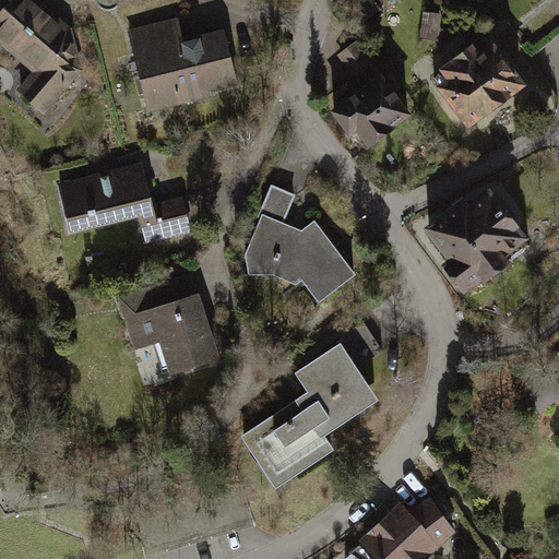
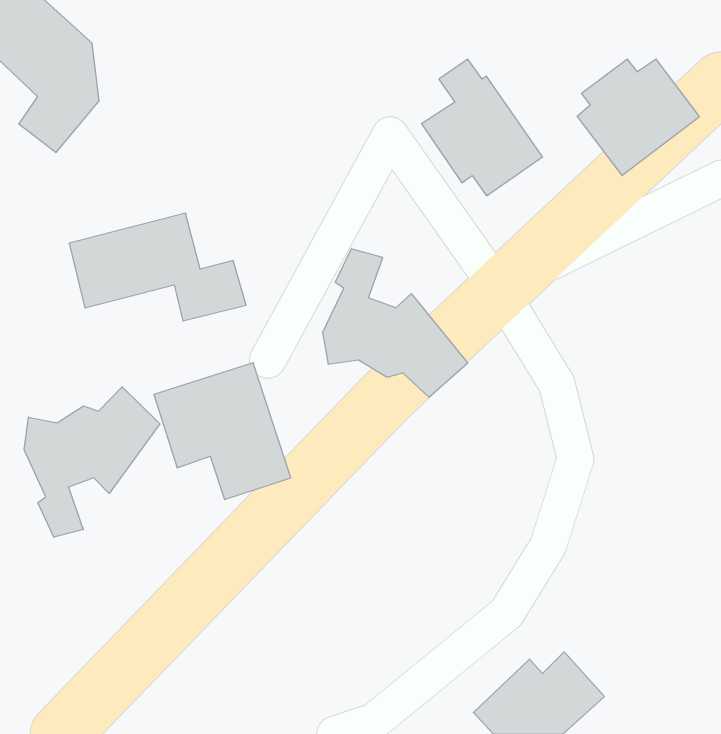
building: [120,20,233,114] -> none
building: [421,180,533,292] -> none
building: none -> [24,387,160,537]
building: [239,337,381,487] -> none

